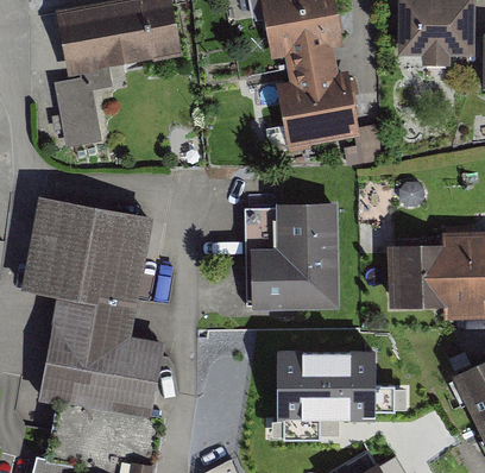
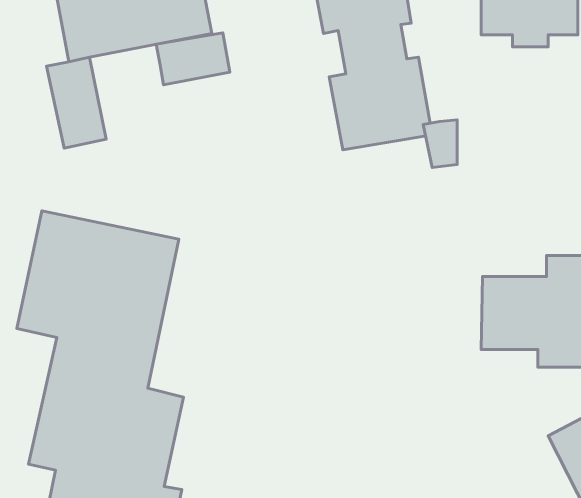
building: none -> [156,33,230,85]
building: [252,208,345,313] -> none
building: [276,353,374,421] -> none

